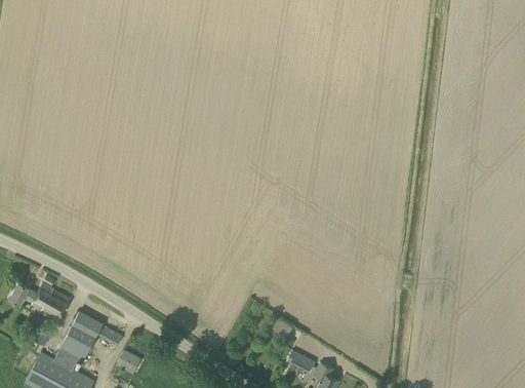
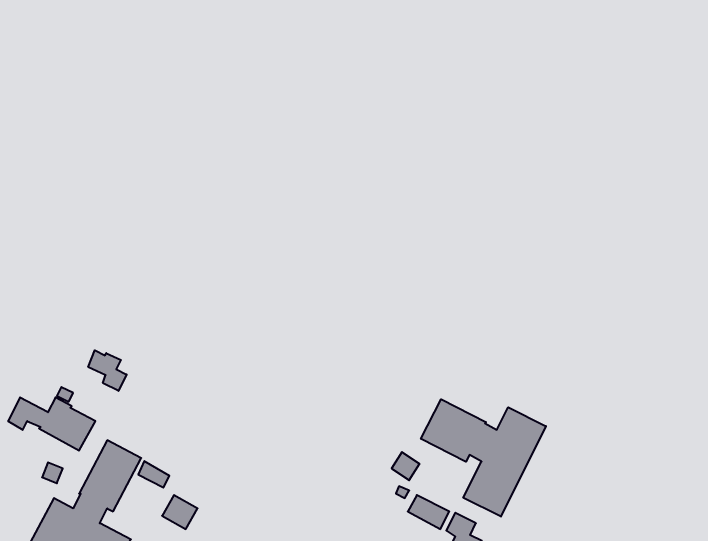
building: none -> [88,350,127,391]
building: none -> [421,399,546,517]

